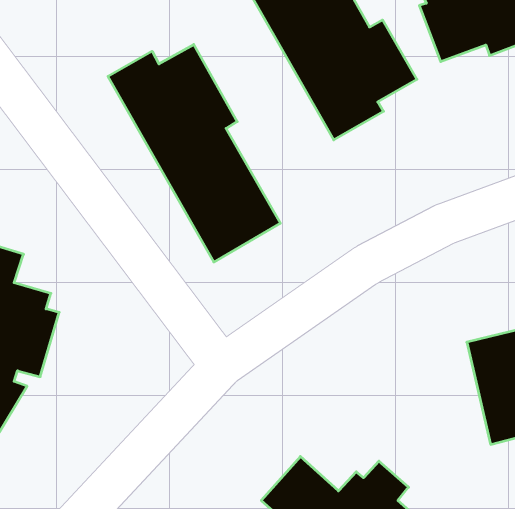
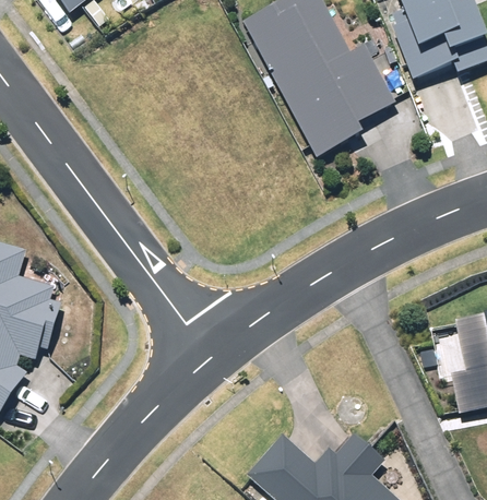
building: [108,44,280,262] -> none

